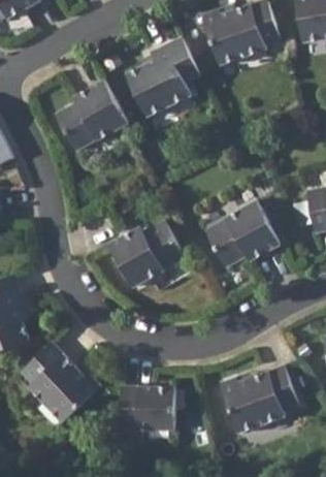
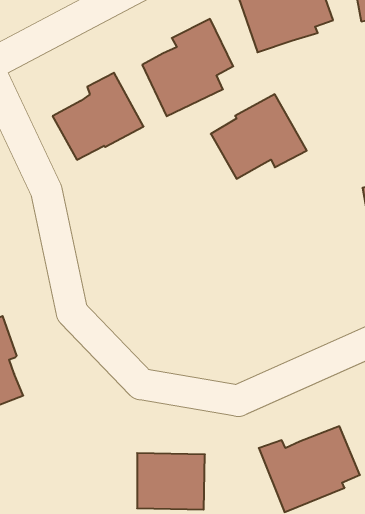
building: [204,199,282,267] -> [211,94,307,179]
building: [106,223,185,290] -> none
building: [23,343,103,424] -> none

